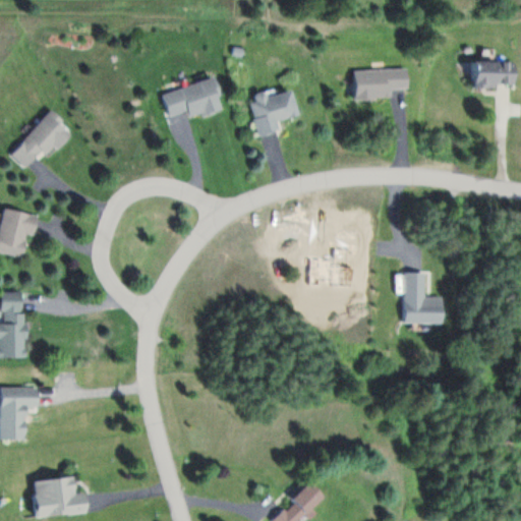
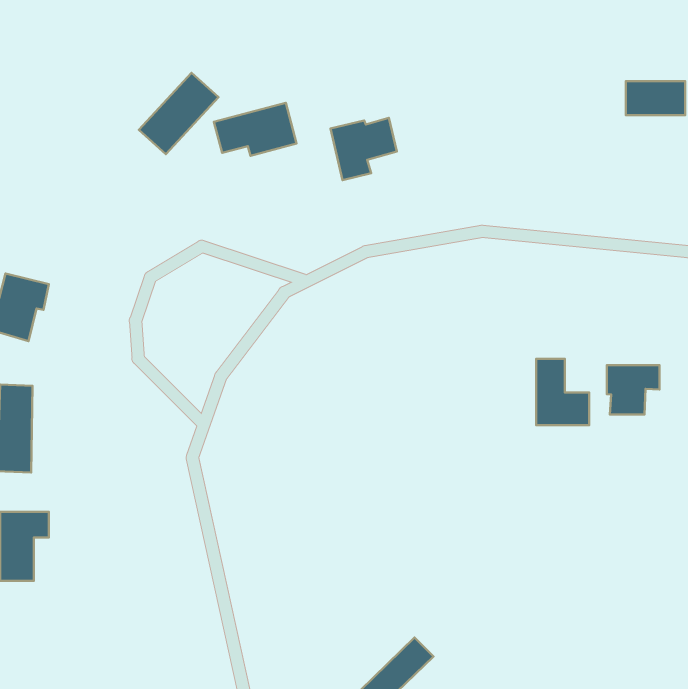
building: [353,71,406,100] -> none
building: [9,112,69,173] -> [139,73,219,154]
building: none -> [607,365,660,414]
building: [34,476,86,516] -> none

